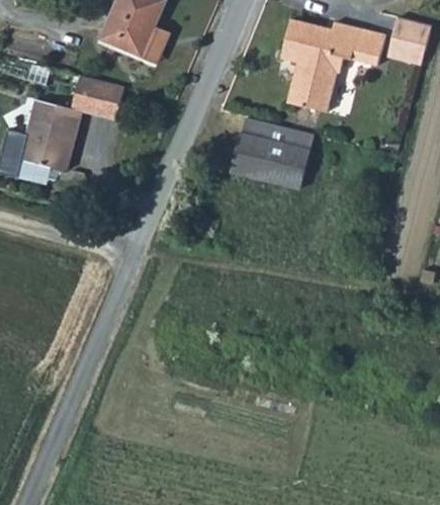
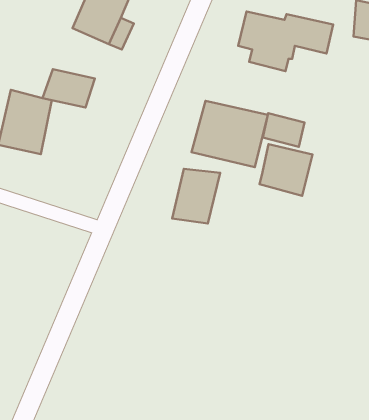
building: [286,74,332,110] -> [263,113,305,147]
building: none -> [260,144,313,196]
building: none -> [172,169,220,224]

